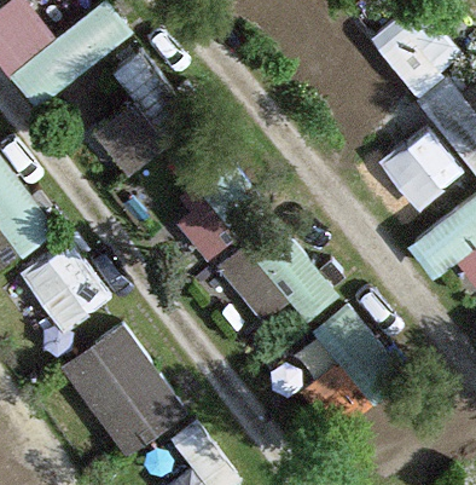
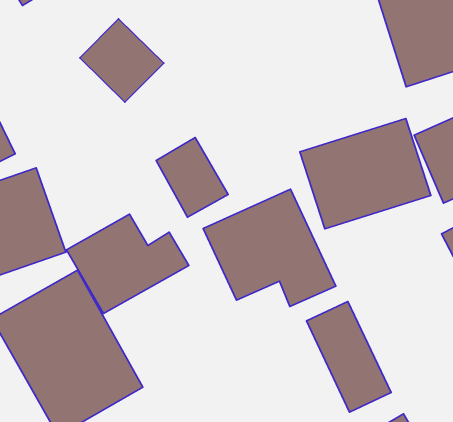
building: none -> [300,118,431,229]
building: none -> [66,214,189,314]

